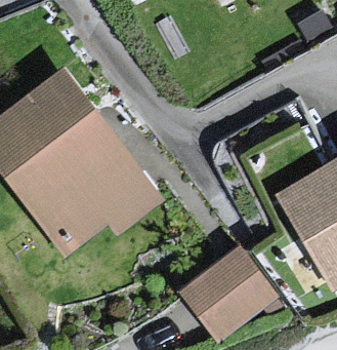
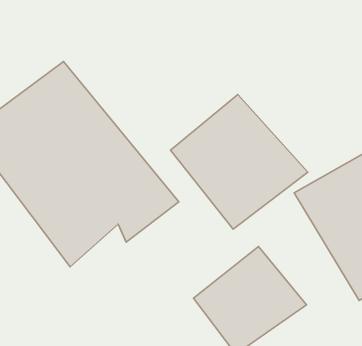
building: none -> [170,95,308,229]

